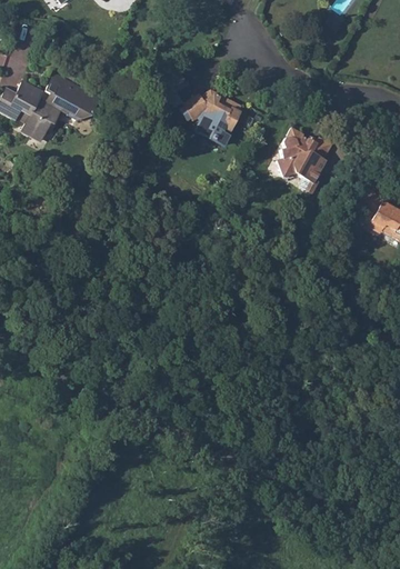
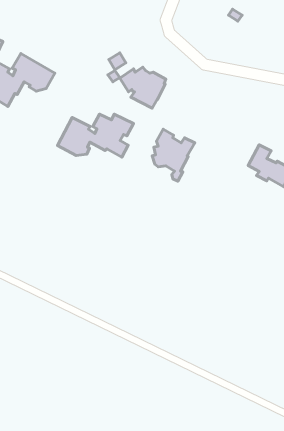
building: [280,126,336,193] -> [152,129,195,181]
building: none -> [58,114,134,157]

